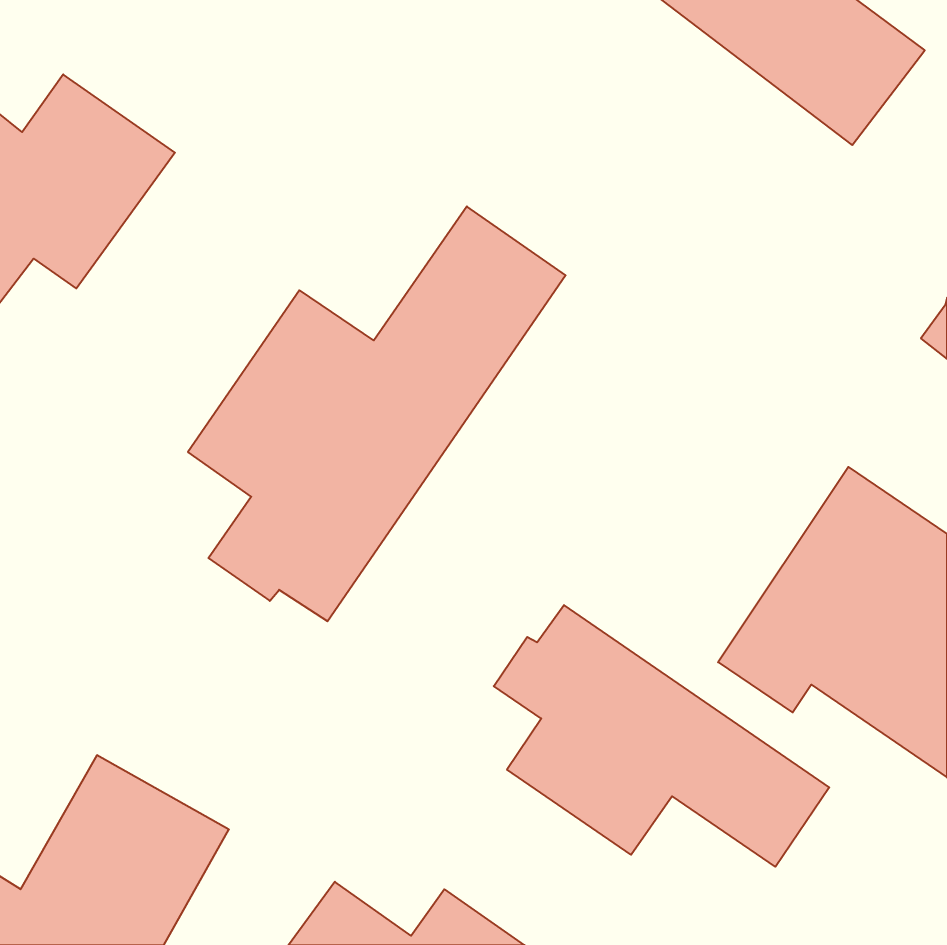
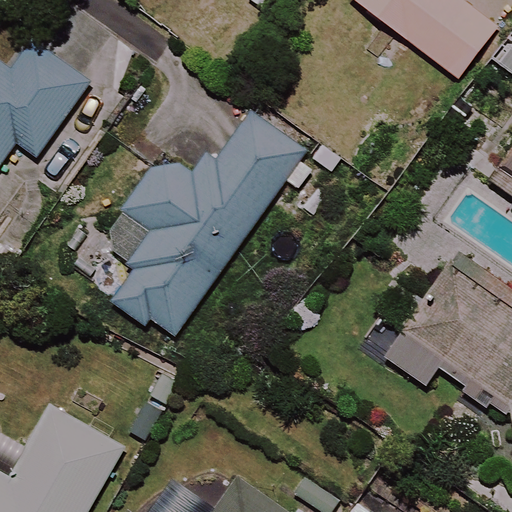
building: [494,605,829,867] -> none

